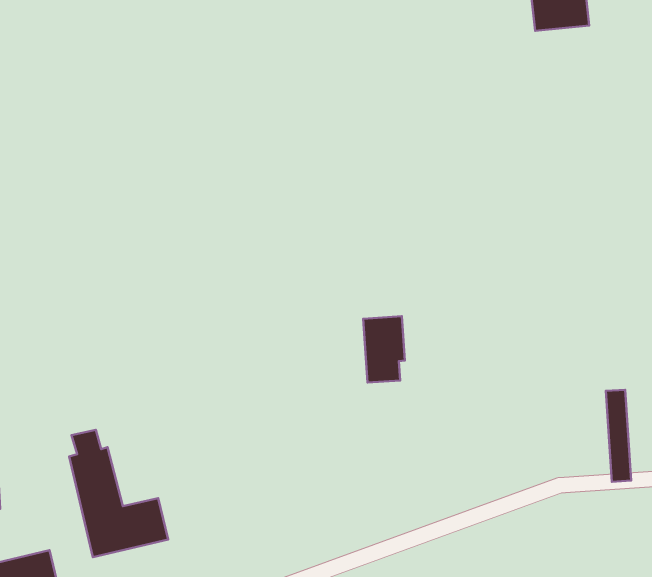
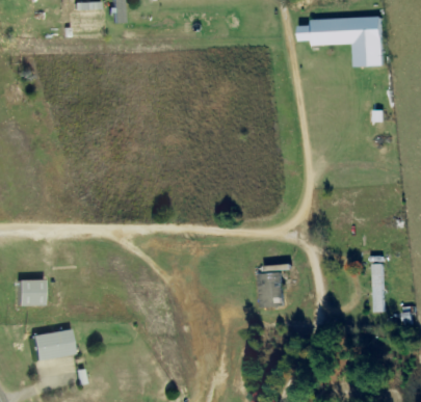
building: [363,316,405,383] -> [261,272,282,306]
building: [69,430,168,557] -> none

